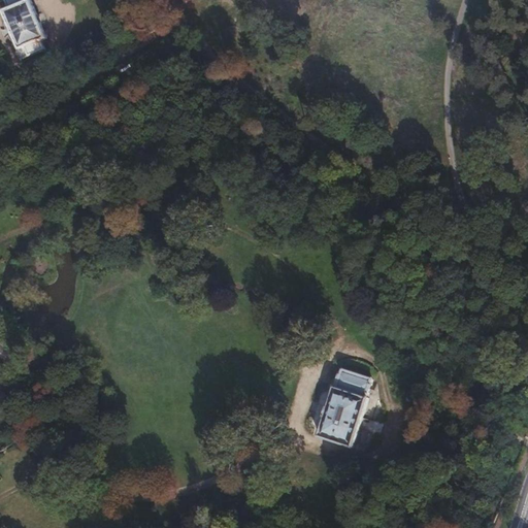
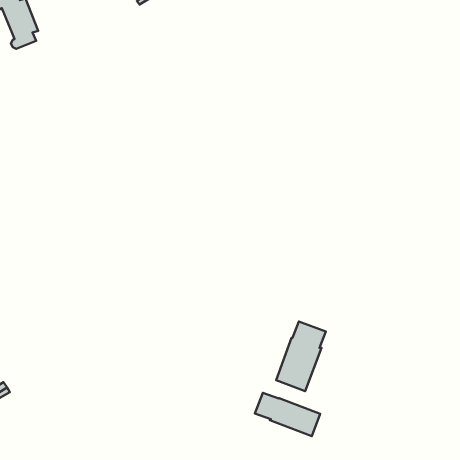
building: none -> [255,393,320,436]

